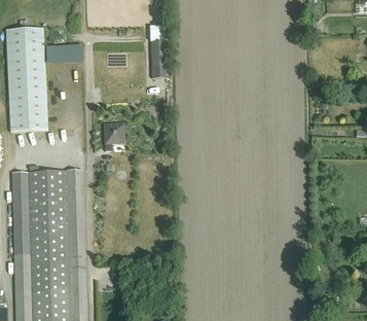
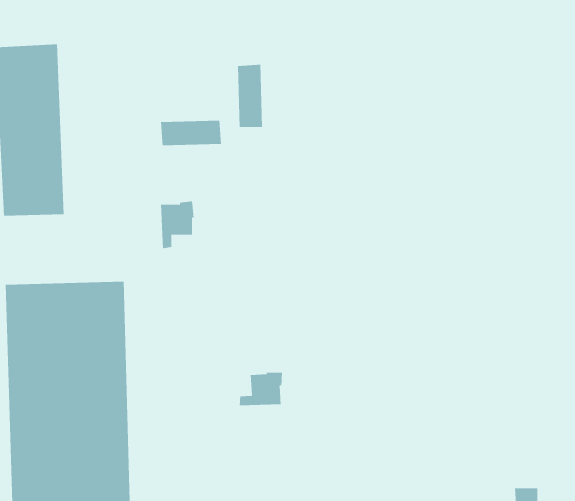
building: [46,46,83,62] -> [160,120,222,146]
building: none -> [239,372,282,406]

